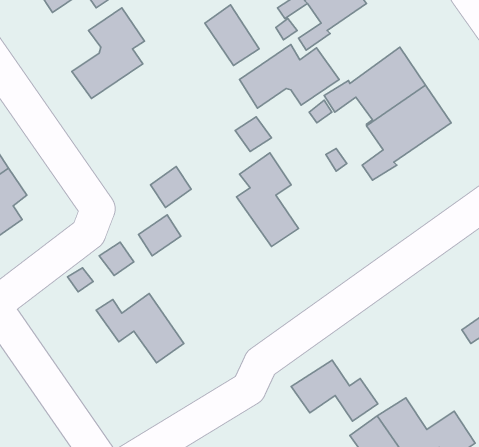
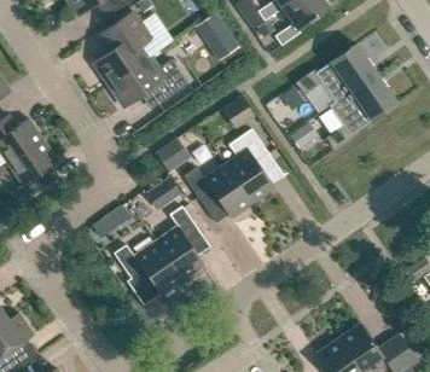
building: [239,45,339,108] -> [110,57,190,107]
building: none -> [184,163,254,219]
building: none -> [156,207,205,280]
building: [291,360,378,421] -> none

